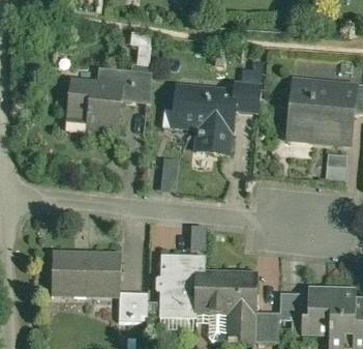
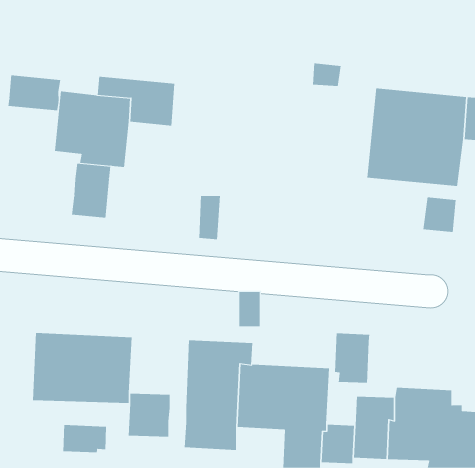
building: none -> [8,75,61,111]
building: [169,77,261,156] -> none
building: none -> [72,163,111,219]
building: none -> [334,333,370,384]
building: none -> [63,424,107,453]

